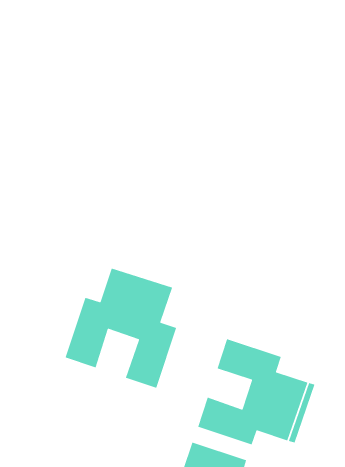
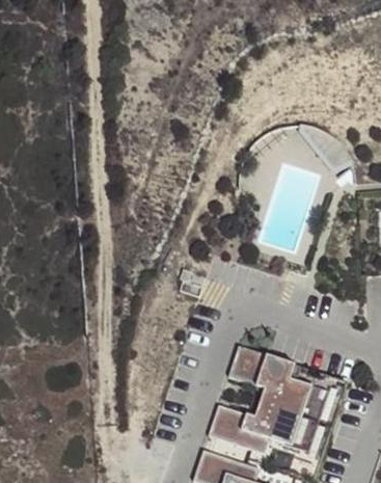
building: [65,267,177,389] -> none

